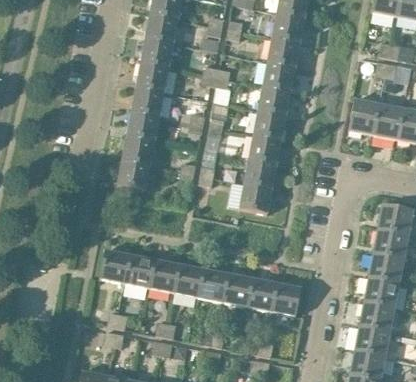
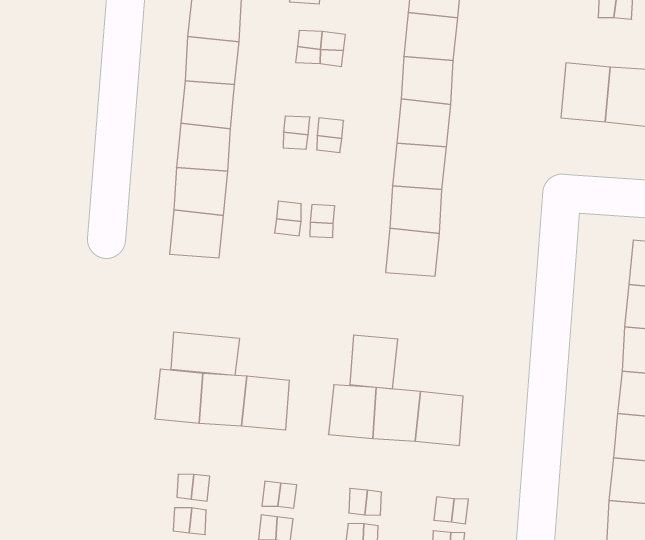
building: none -> [171,332,239,375]
building: [173,264,203,297] -> [350,335,398,389]
building: [271,283,301,316] -> none

